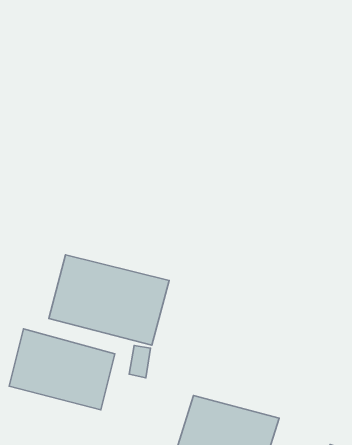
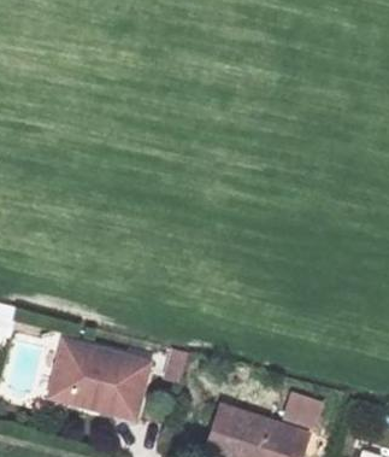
building: [49,255,169,345] -> none

